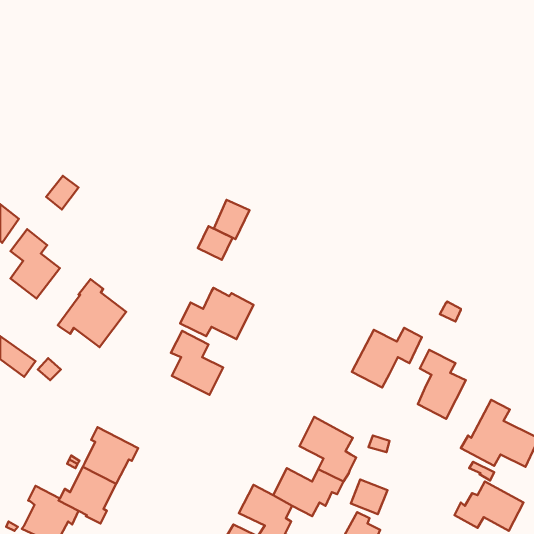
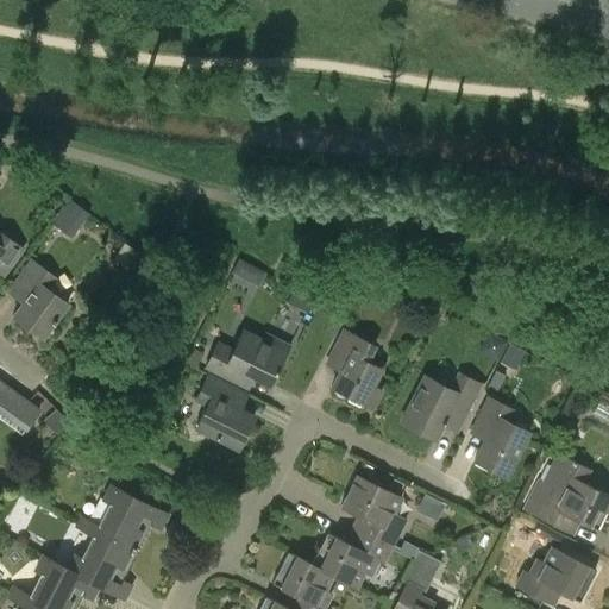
building: [214,200,249,239] -> none
building: [58,279,126,347] -> none
building: none -> [327,331,385,408]

